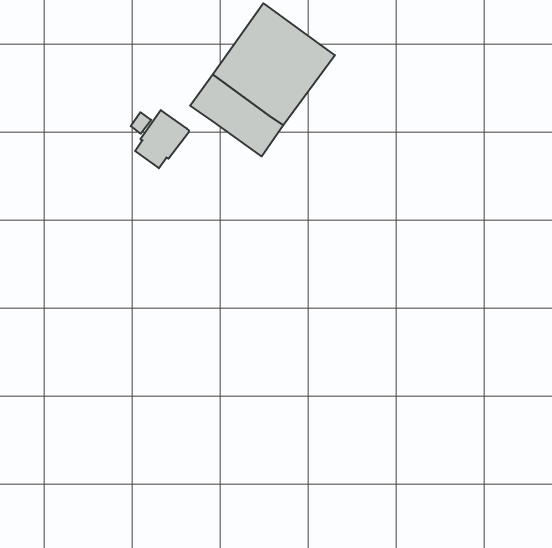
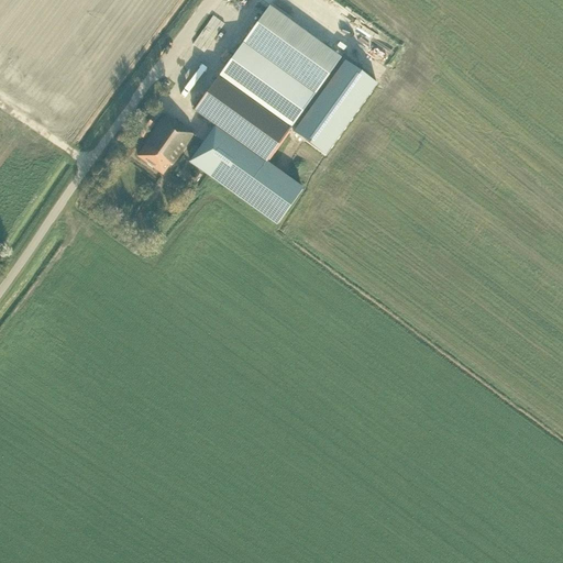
building: none -> [296,60,379,155]
building: none -> [189,123,302,220]

